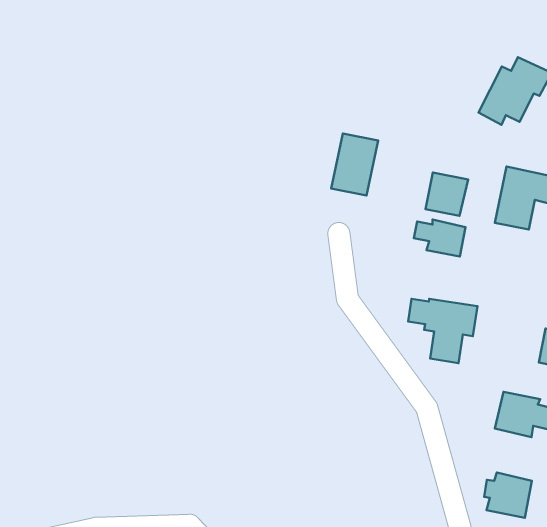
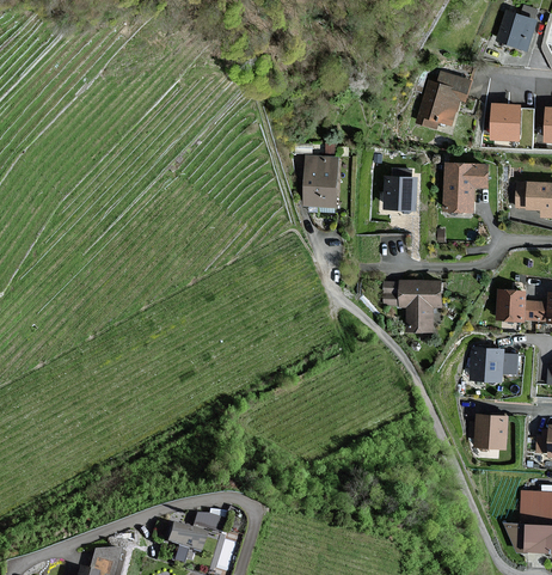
building: [414,220,466,257] -> none

